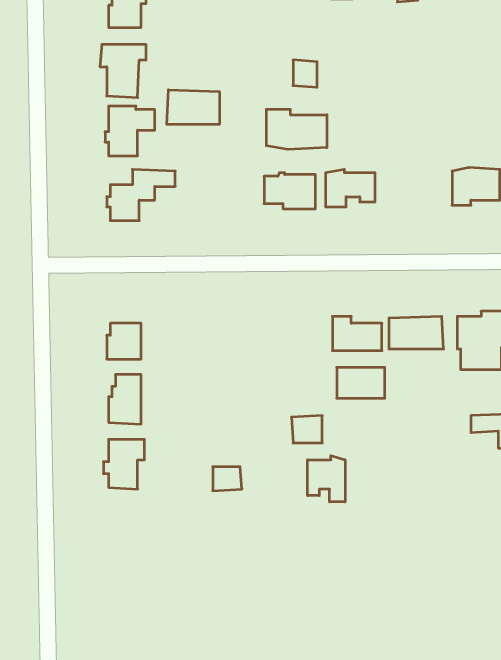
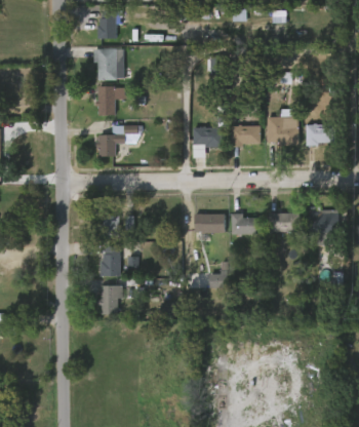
building: [167,90,219,124] -> none
building: [266,109,327,149] -> none
building: none -> [267,109,297,146]
building: [337,367,385,398] -> [195,214,224,232]
building: [308,456,345,502] -> none

